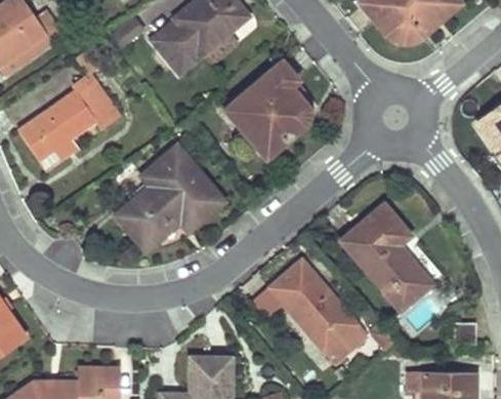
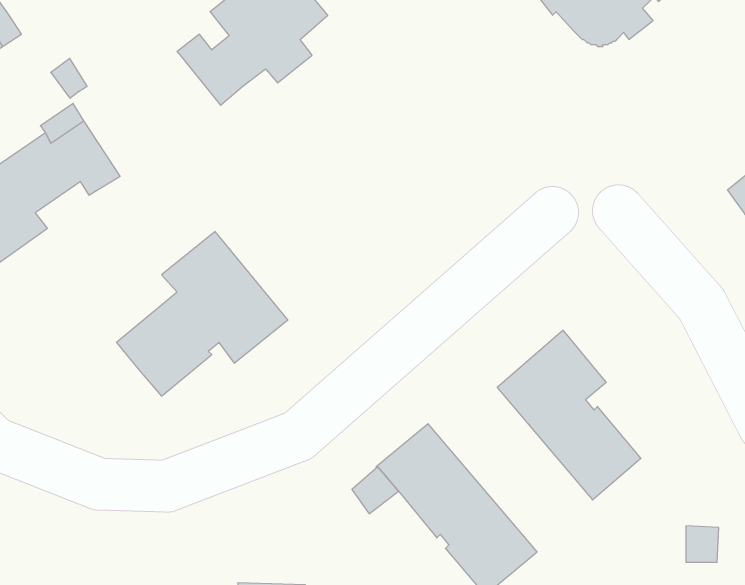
building: [225,62,305,155] -> none

